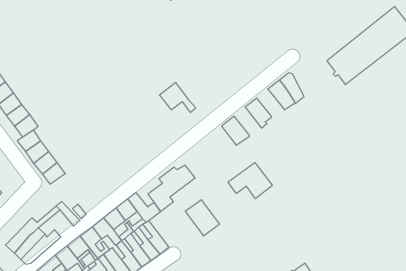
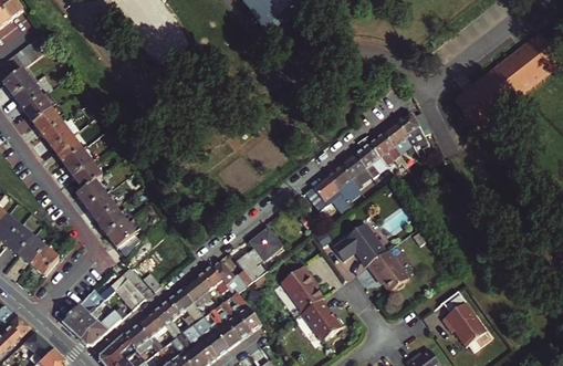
building: [159,83,196,113] -> [306,178,351,215]
building: none -> [369,133,400,166]
building: none -> [342,155,375,188]
building: none -> [368,249,411,292]
building: none -> [115,280,146,311]
building: none -> [302,299,351,348]
building: none -> [444,302,489,347]

